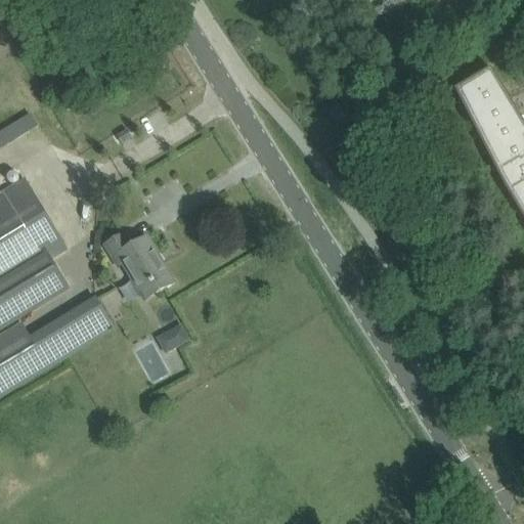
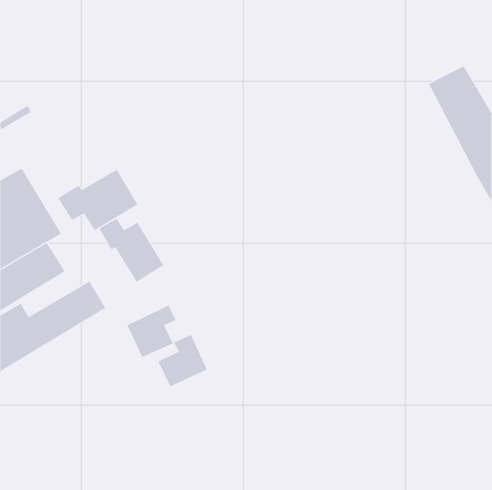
building: none -> [58,169,138,231]
building: none -> [157,334,208,387]

